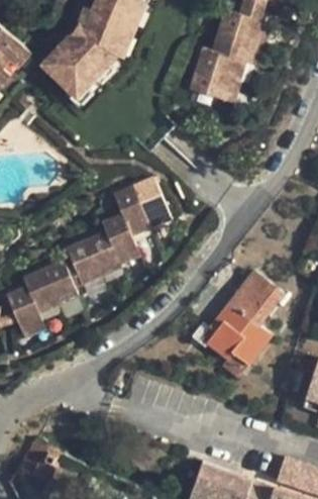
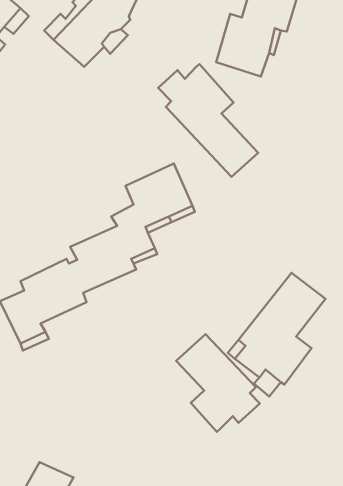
building: none -> [158,64,258,177]
building: none -> [176,334,260,432]

